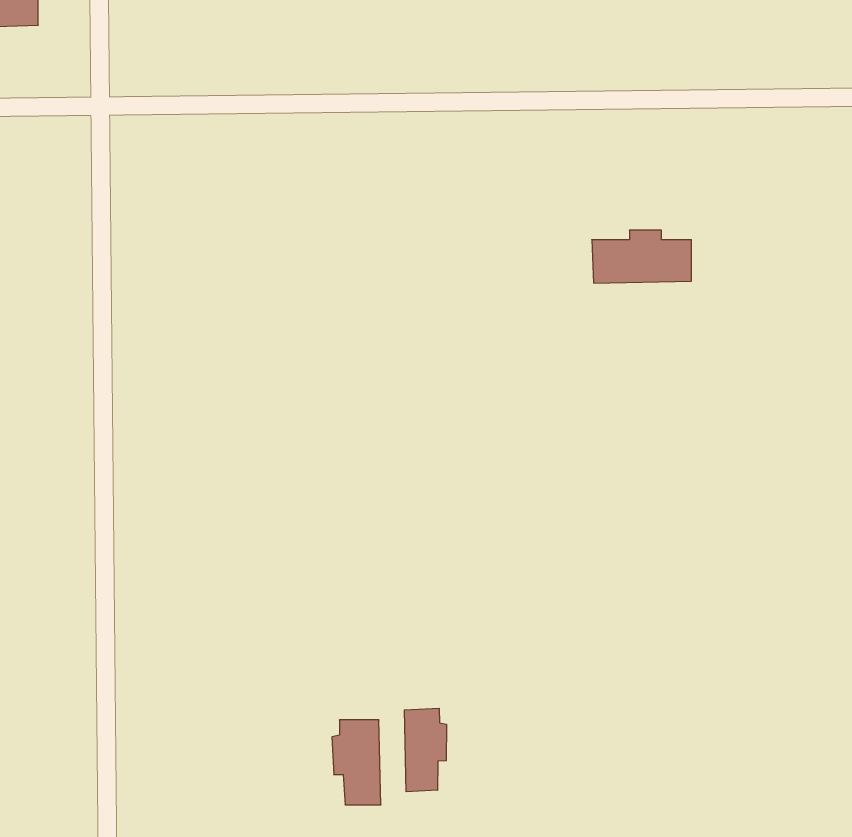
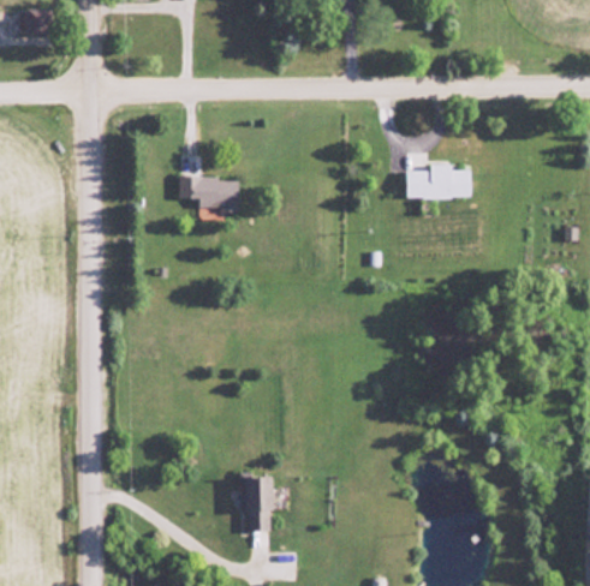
building: none -> [179,178,238,213]
building: [404,708,446,792] -> none

